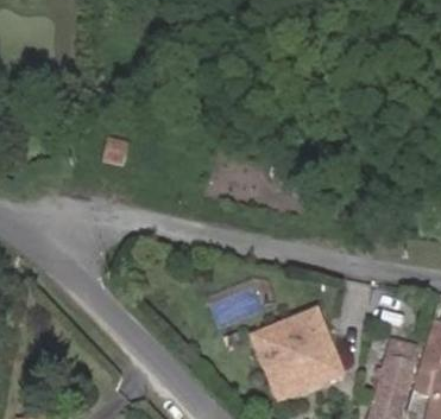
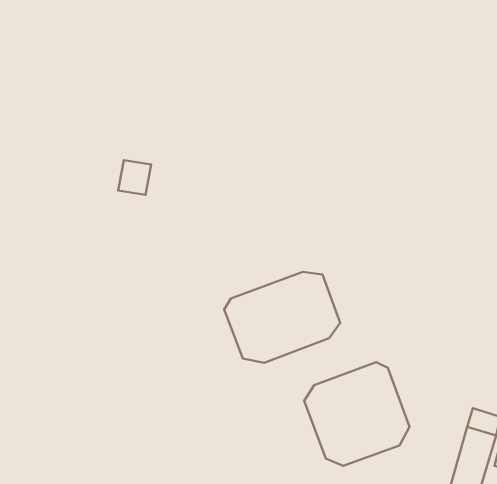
building: none -> [224,272,340,363]

